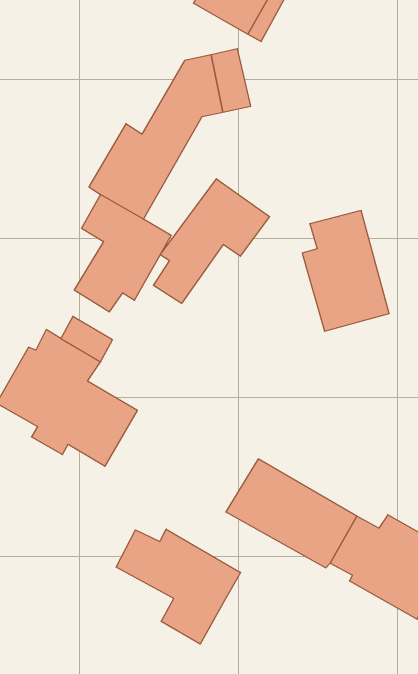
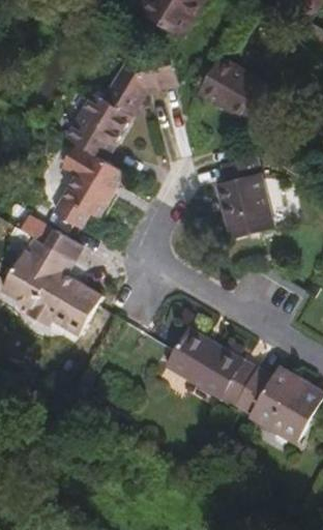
building: none -> [202,54,270,119]
building: [153,179,270,303] -> none
building: [116,529,241,644] -> none

